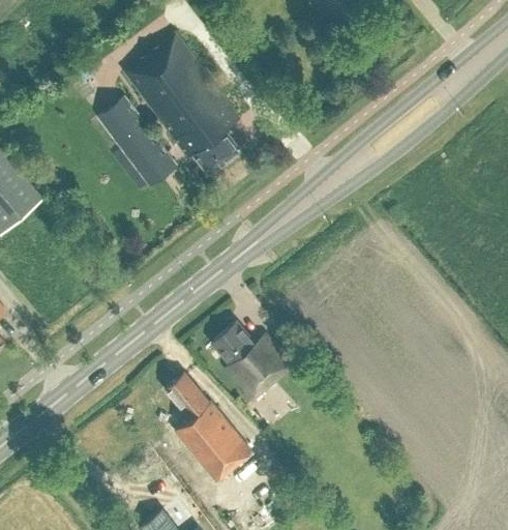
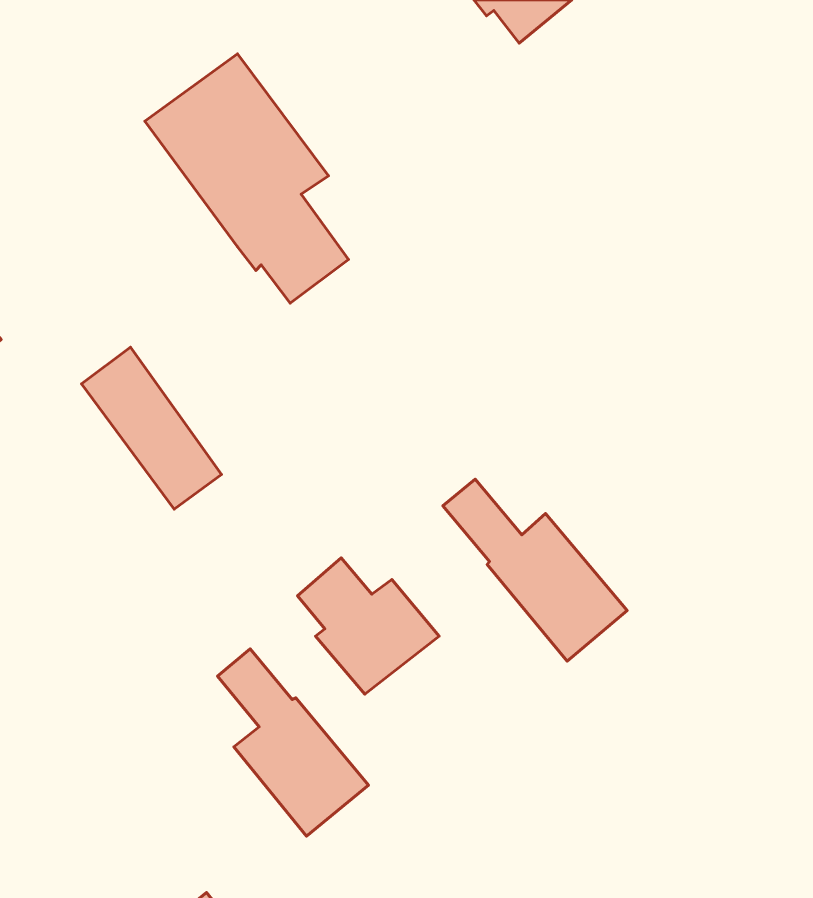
building: [97,95,177,187] -> [81,347,221,509]
building: none -> [443,479,627,661]

